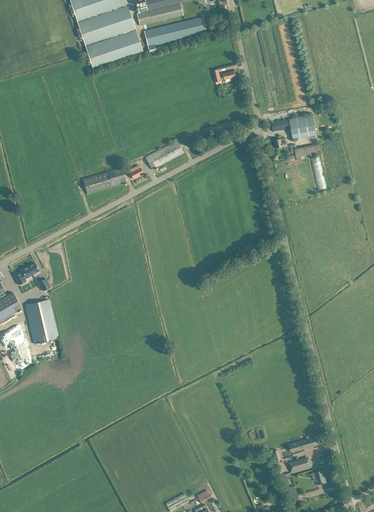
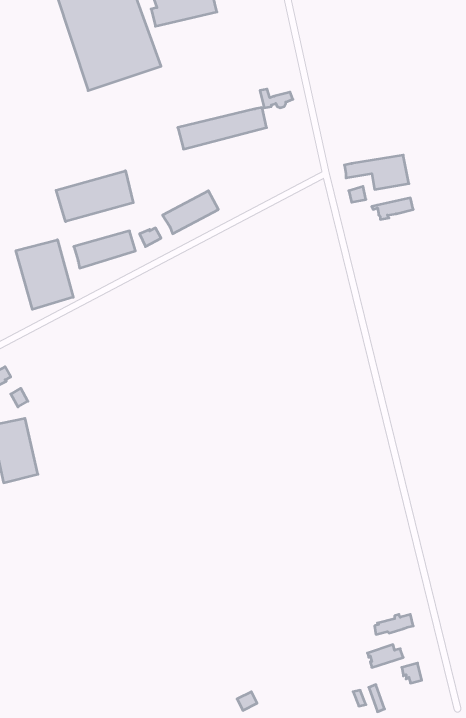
building: [144,16,206,45] -> [178,108,267,149]
building: none -> [56,171,133,222]
building: none -> [16,240,73,309]

